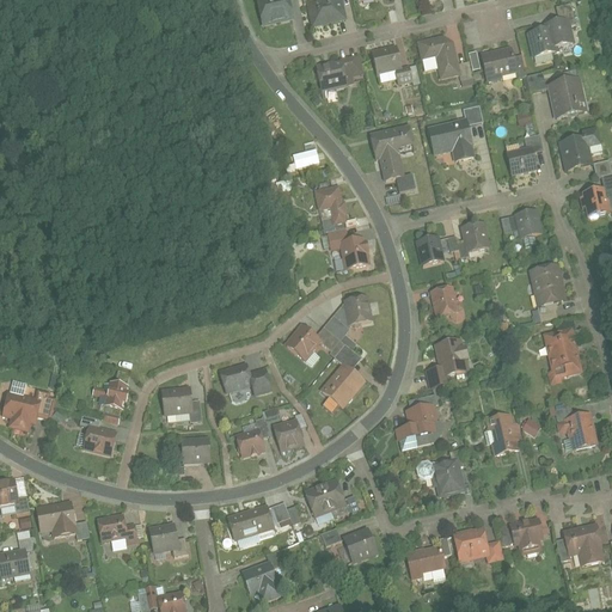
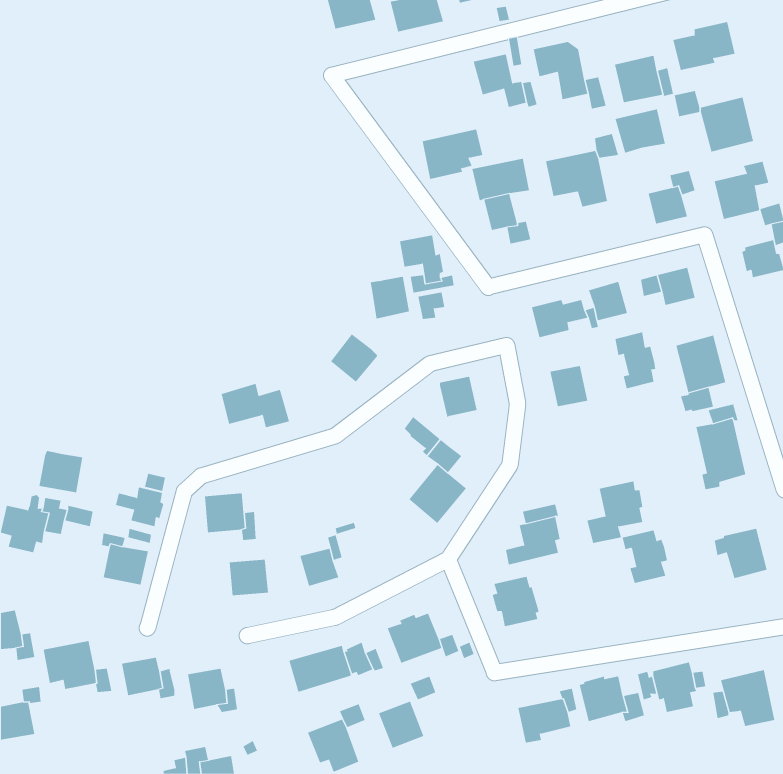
building: [314,50,362,90] -> [422,129,483,180]
building: none -> [615,108,665,154]
building: [339,235,371,269] -> [370,276,410,319]
building: none -> [615,331,656,389]
building: [323,300,355,347] -> none
building: [283,322,320,360] -> [330,334,378,383]
building: [424,337,469,386] -> [586,481,643,544]
building: none -> [39,450,83,493]
building: [219,360,273,394] -> [221,383,290,428]
building: [270,416,304,451] -> none
building: [429,458,466,497] -> [492,576,540,627]
building: [342,525,378,562] -> [378,701,424,749]

